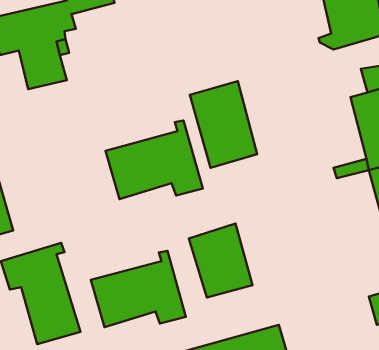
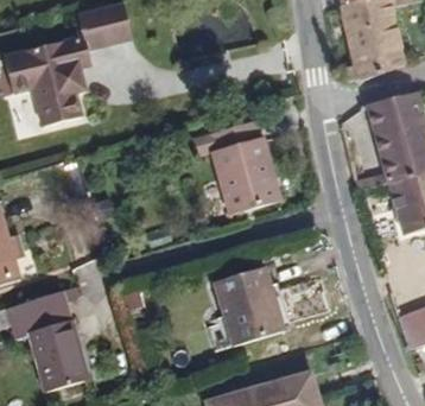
building: [105,120,203,199] -> none
building: [91,251,186,327] -> none

